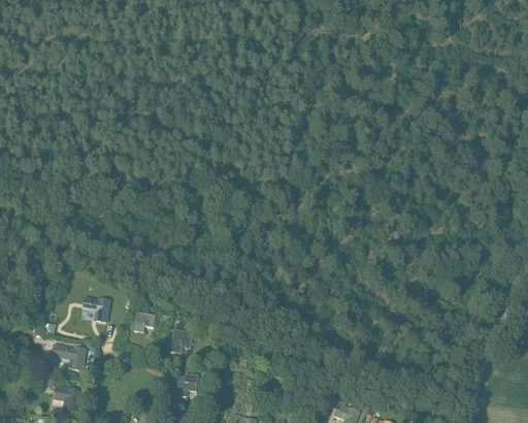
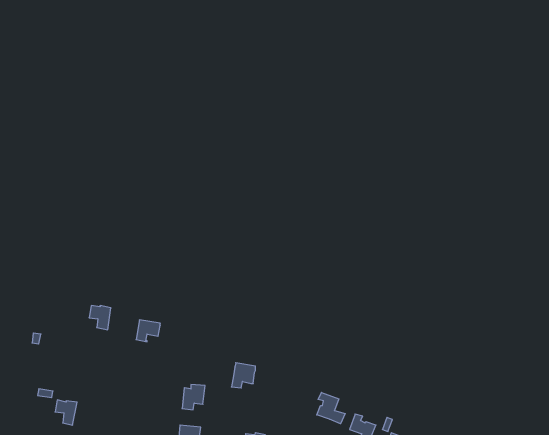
building: [170,329,193,353] -> [231,363,255,388]
building: [61,347,86,370] -> none
building: none -> [317,392,345,424]

